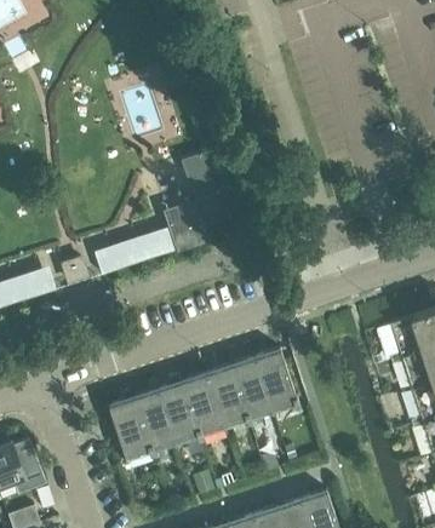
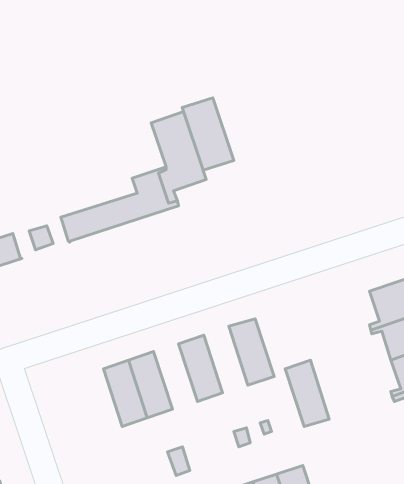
building: none -> [182,98,234,170]
building: [231,356,274,420] -> [285,360,329,427]
building: [183,373,225,436] -> none
building: [109,397,153,461] -> none

